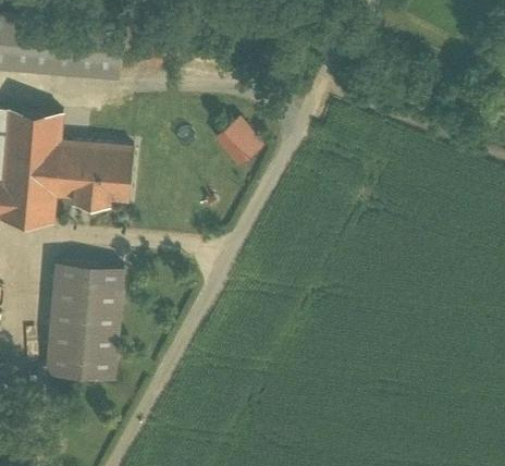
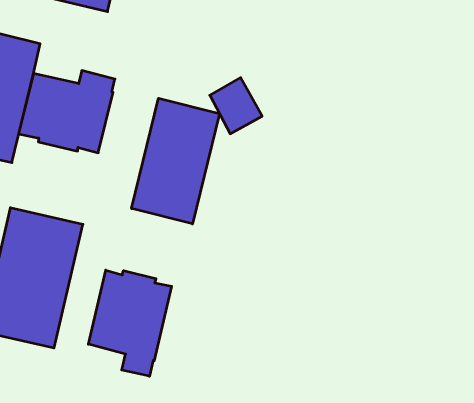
building: none -> [132,98,219,224]
building: none -> [88,270,172,376]

